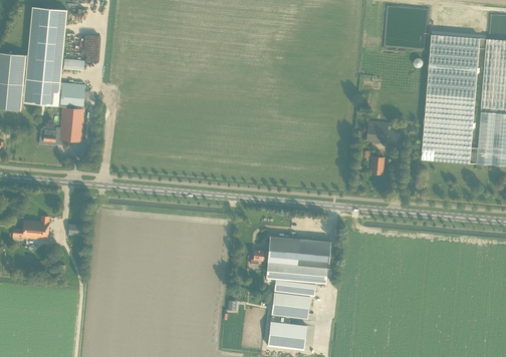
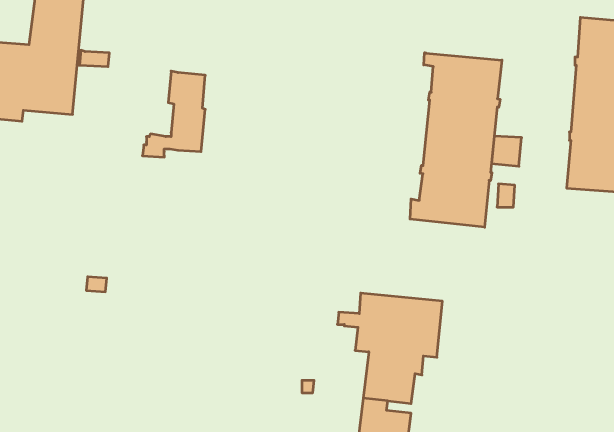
building: none -> [410,53,502,227]
building: [39,82,85,145] -> [142,71,205,157]
building: [13,215,50,239] -> none

